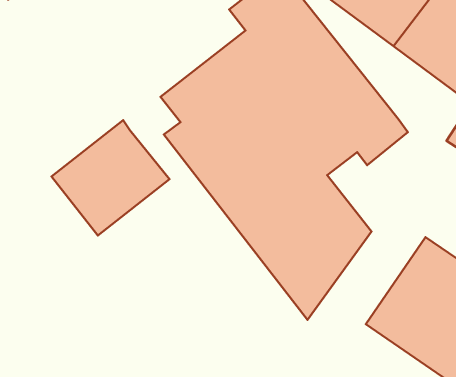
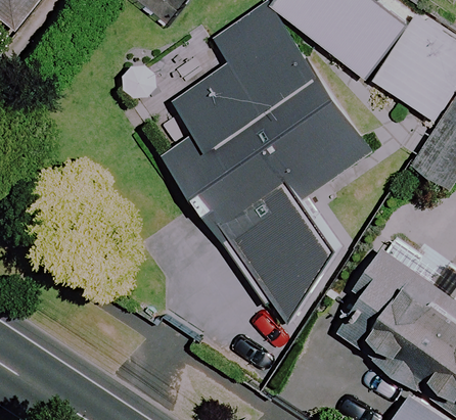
building: [52,120,170,236] -> none

